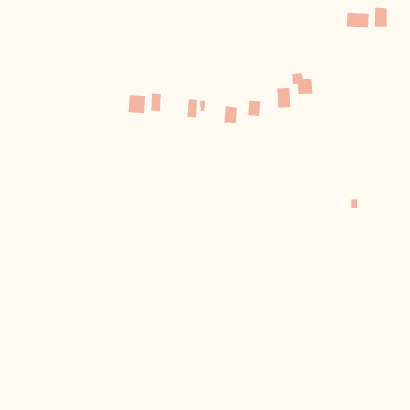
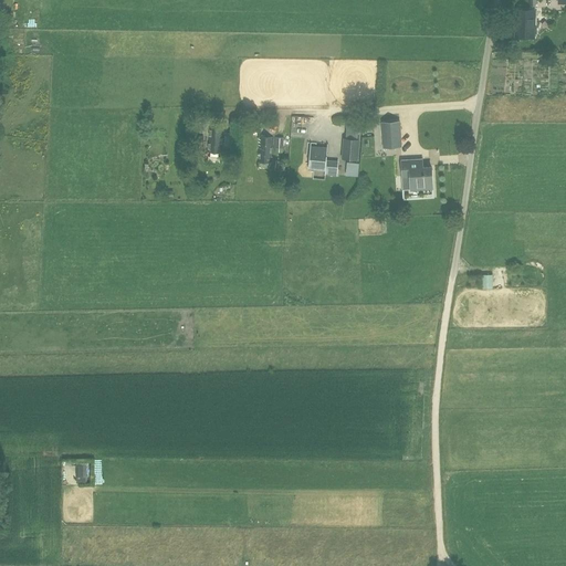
building: [346,12,369,28] -> none
building: [291,73,313,95] -> [401,160,431,190]
building: [128,95,145,114] -> none

